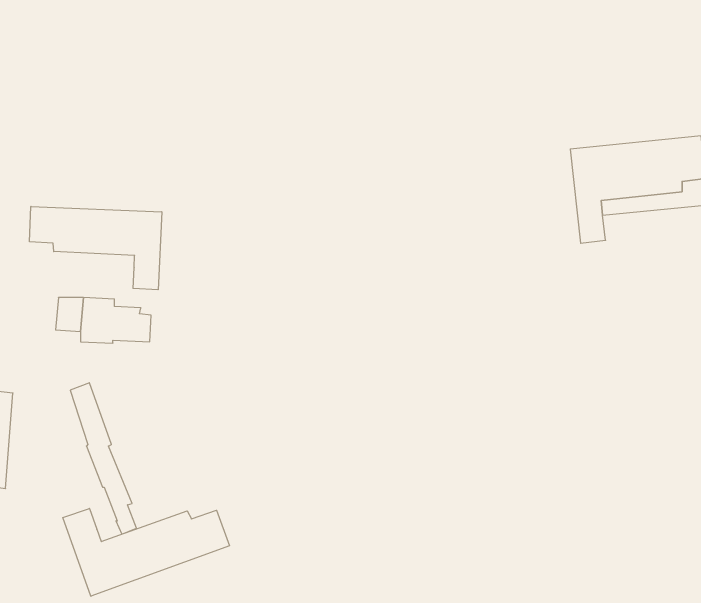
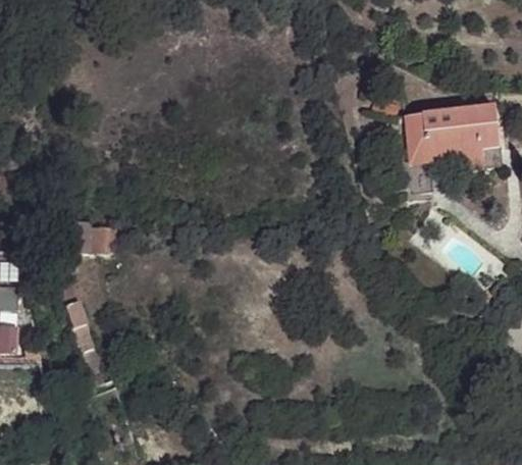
building: [30,206,162,290] -> none
building: [63,508,230,596] -> none

